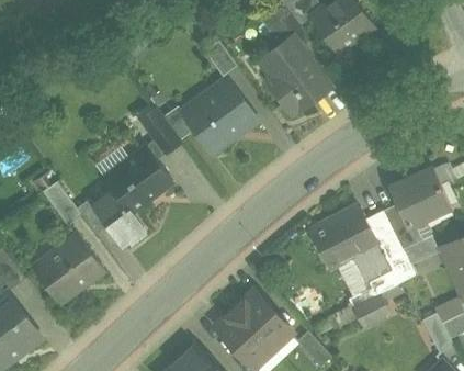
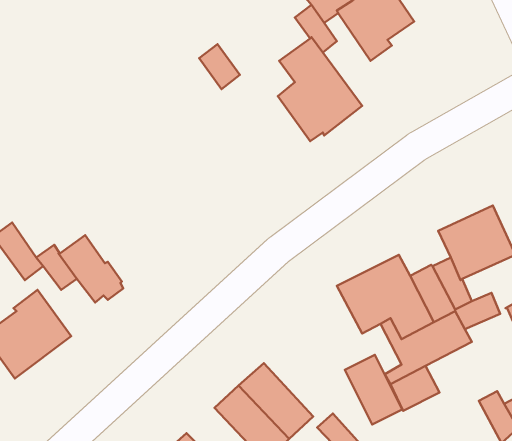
building: [180,78,256,153] -> none
building: [139,108,180,153] -> none
building: [104,145,172,212] -> none
building: none -> [345,355,402,425]

